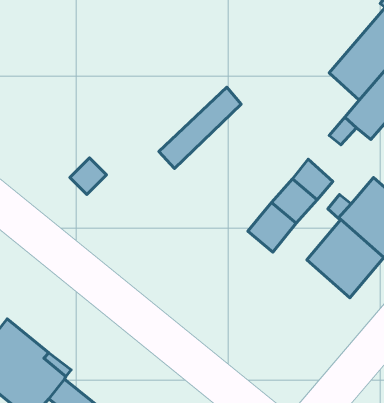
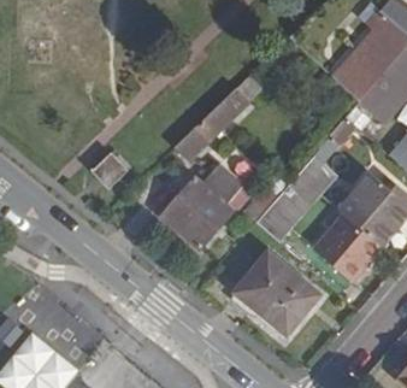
building: none -> [163,164,242,246]
building: none -> [236,252,320,333]

